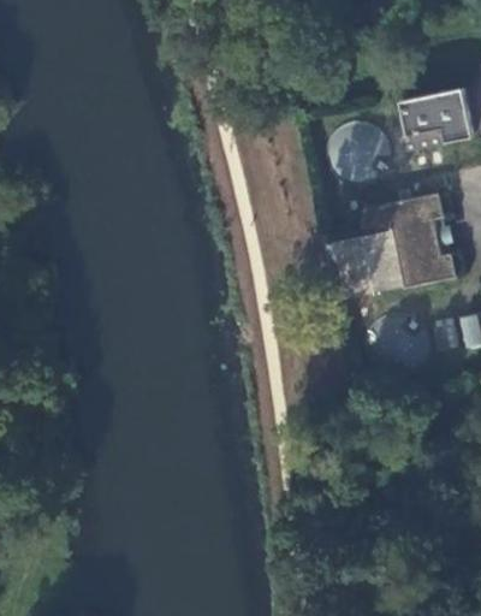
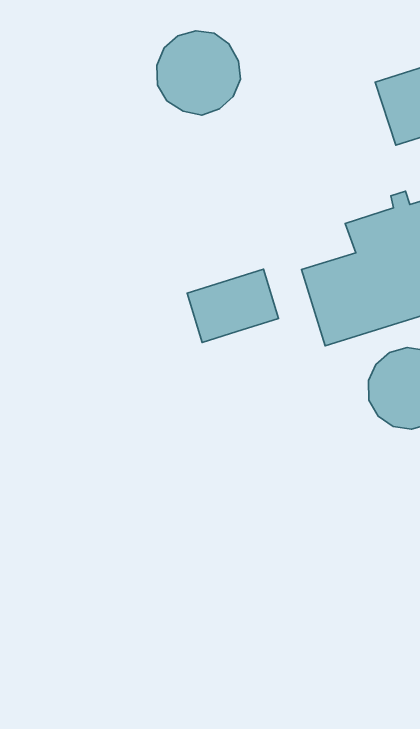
building: [326,119,392,186] -> [157,31,240,115]
building: none -> [187,269,278,342]

